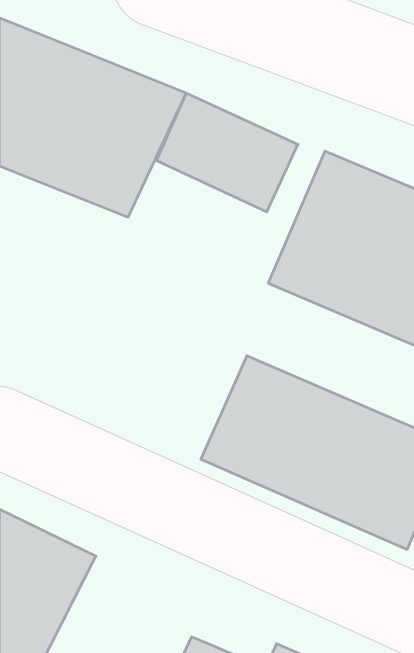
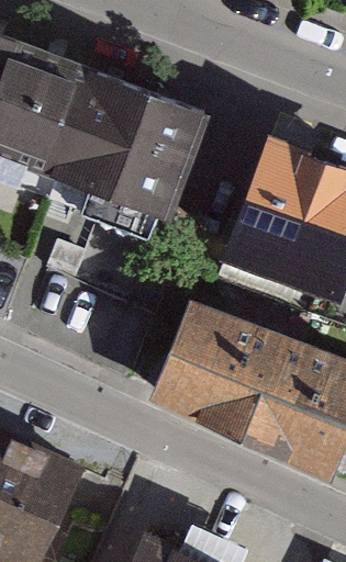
building: none -> [105,153,219,241]

